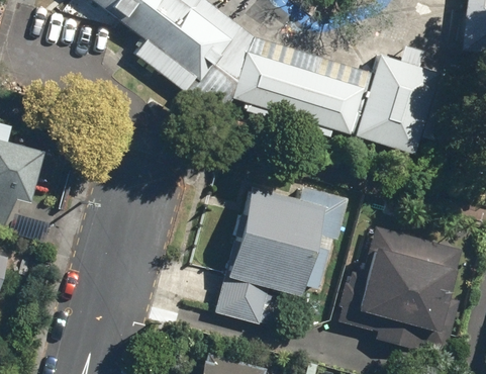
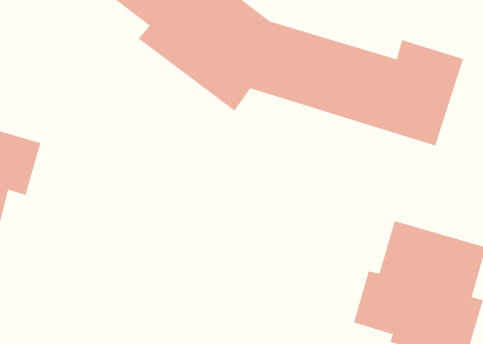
building: [217,182,350,322] -> none

